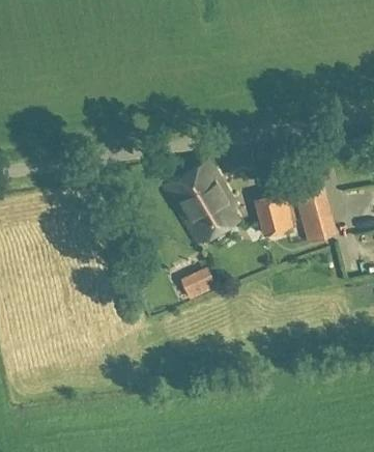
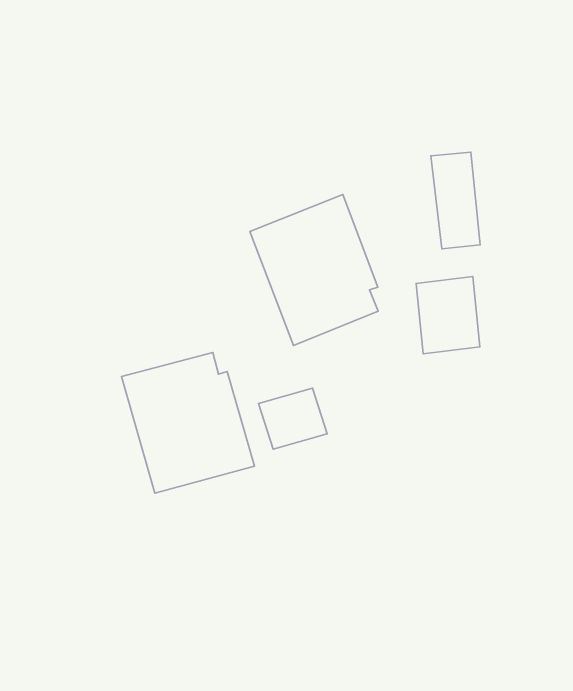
building: [295,190,328,243] -> [431,152,480,249]
building: none -> [121,352,254,493]

